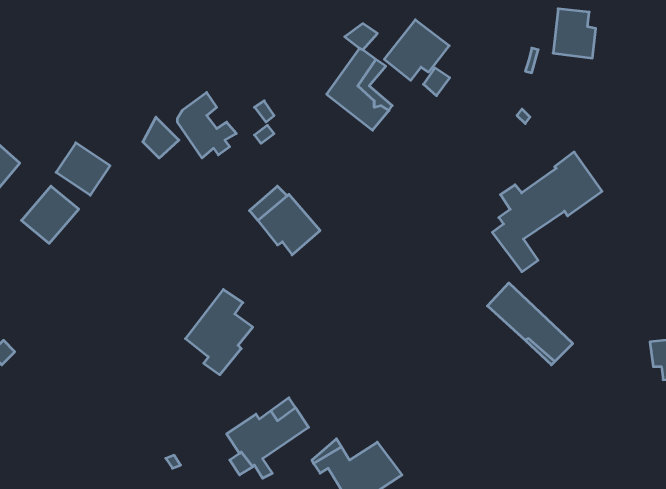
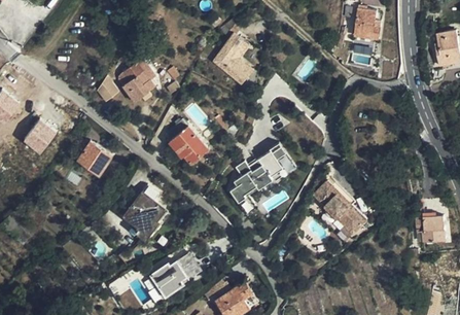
building: [384,20,449,80] -> none
building: [56,143,110,195] -> [77,140,111,173]
building: [492,152,602,272] -> [226,140,295,215]

